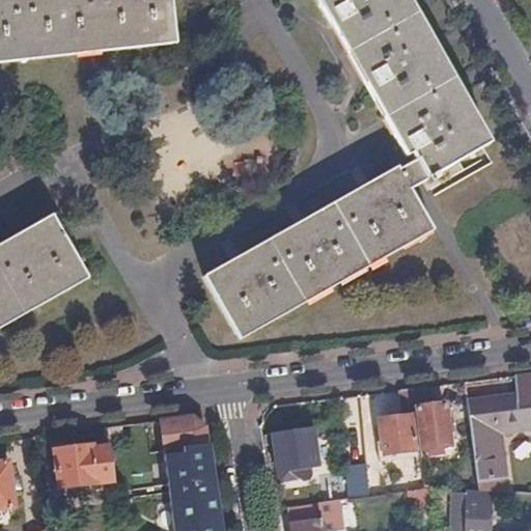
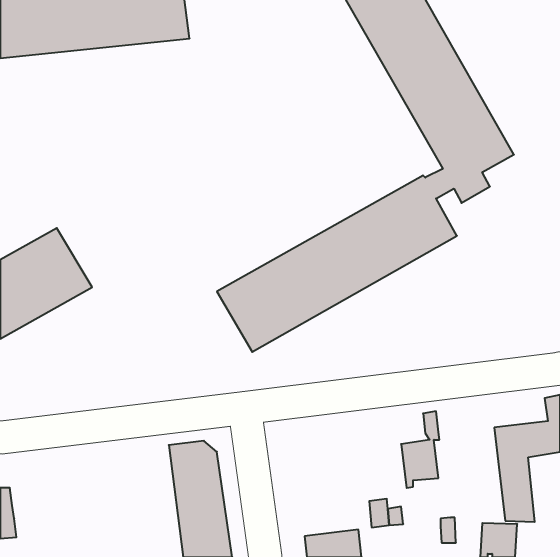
building: [415,406,451,451] -> none
building: [272,429,319,475] -> none
building: [54,446,115,496] -> none

